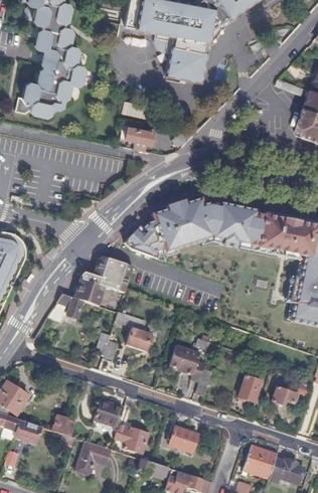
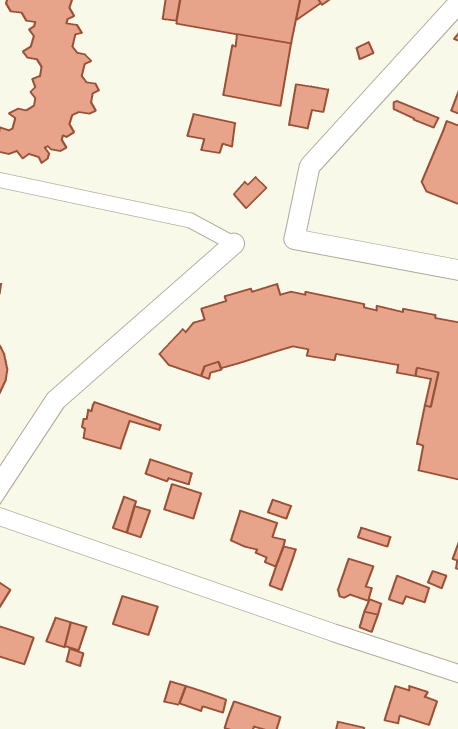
building: none -> [289,84,328,129]
building: [124,125,155,150] -> [187,114,235,153]
building: [82,257,132,289] -> none
building: [48,293,84,320] -> none
building: [113,422,151,453] -> none
building: [169,426,198,452] -> none
building: [74,440,111,472] -> none
building: [246,446,278,477] -> none

